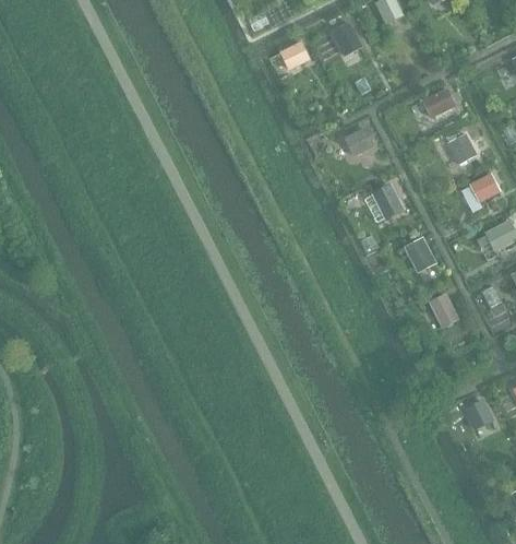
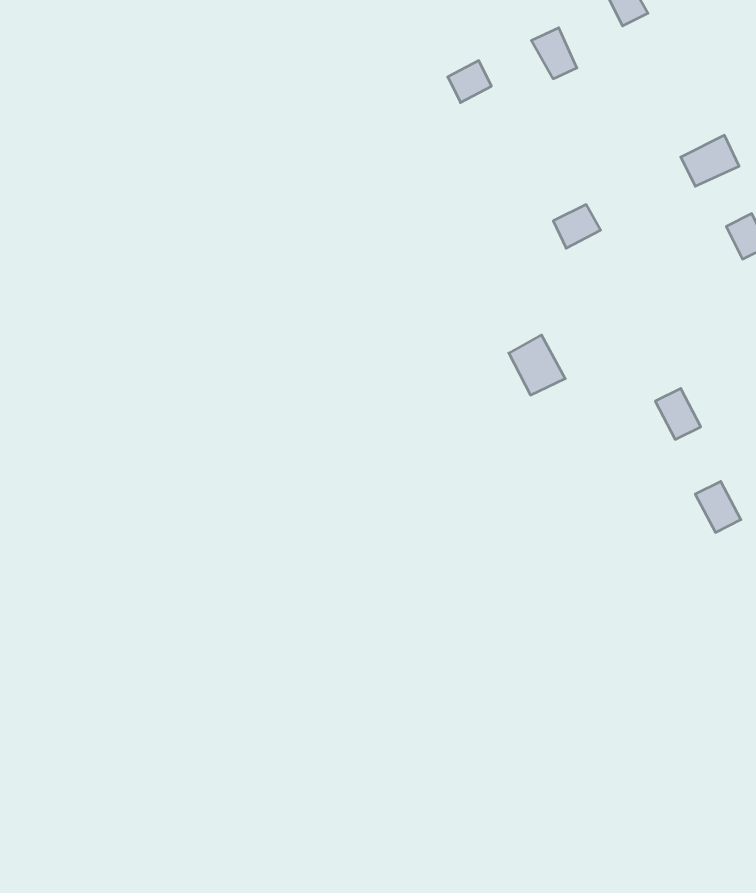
building: [371,182,405,218] -> [509,335,565,395]

